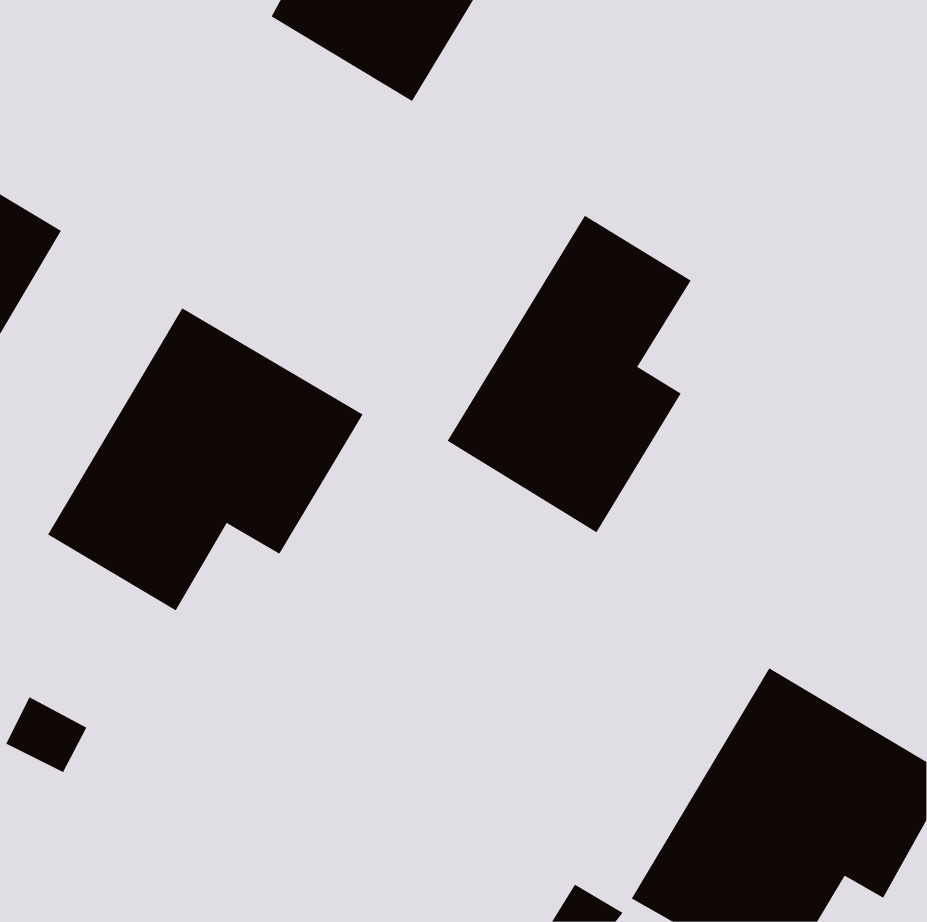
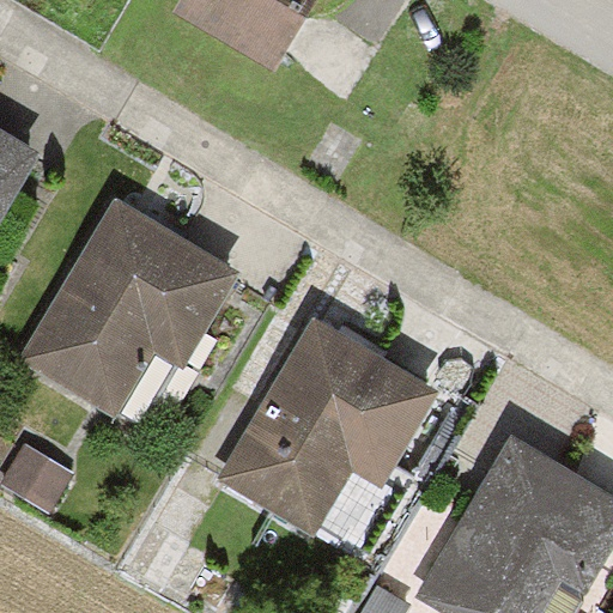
building: [447,215,691,533] -> none
building: none -> [219,322,435,536]

